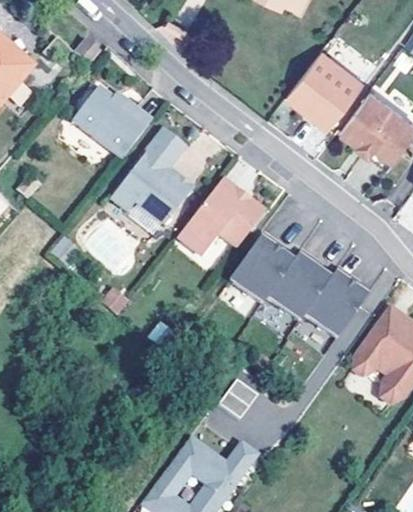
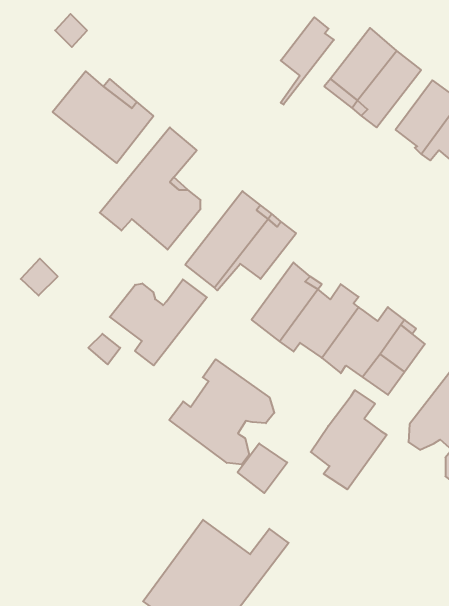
building: none -> [281,17,334,105]
building: none -> [110,279,207,365]
building: none -> [169,359,274,465]
building: none -> [311,390,387,489]

